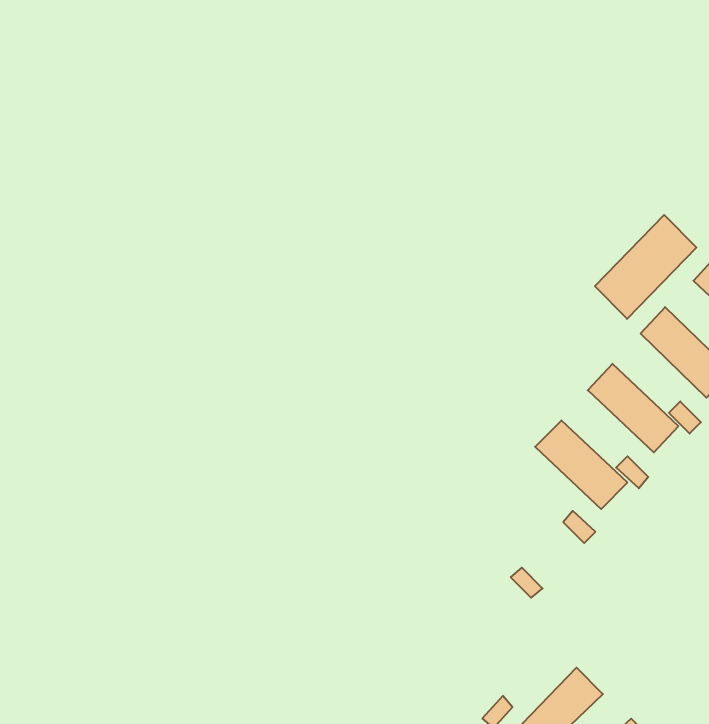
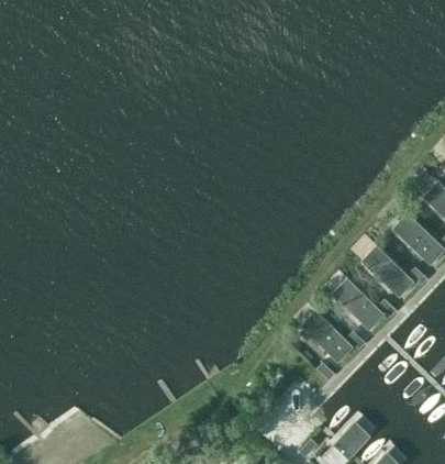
building: [595,215,696,319] -> none
building: none -> [300,311,353,364]

